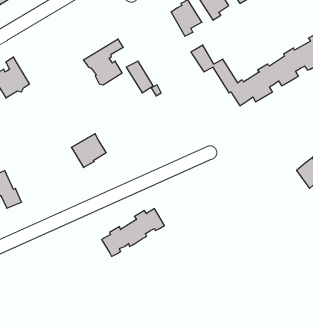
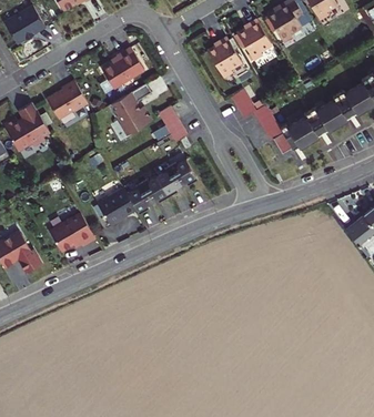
building: none -> [101,48,144,89]
building: none -> [47,81,88,119]
building: none -> [48,213,93,252]
building: [102,209,164,256] -> [125,161,195,214]

